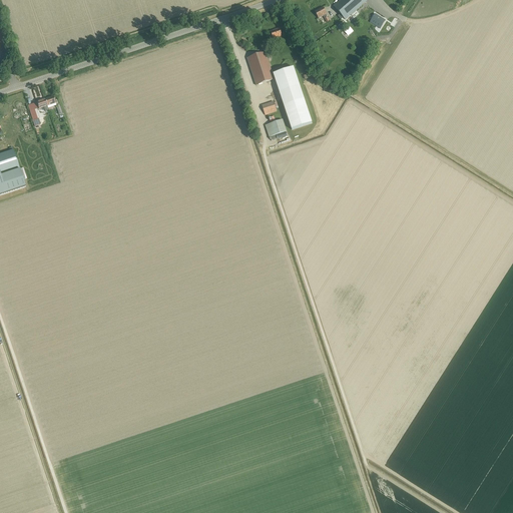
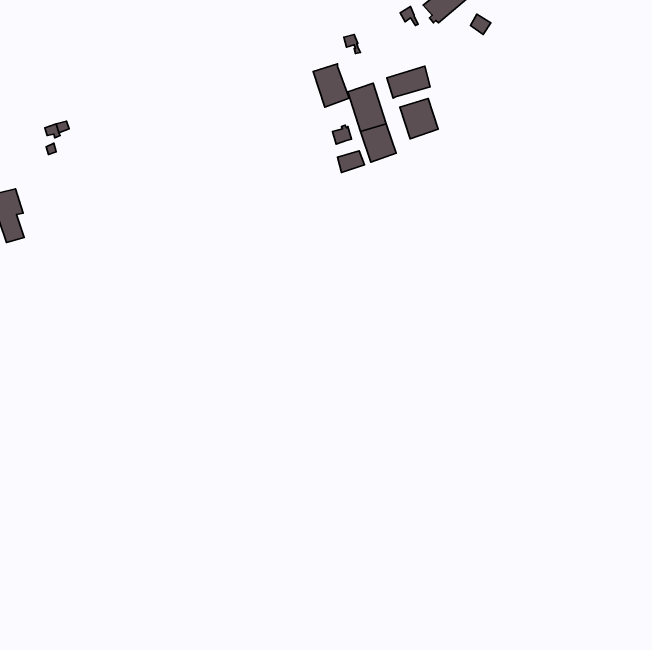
building: none -> [387,66,430,98]
building: none -> [400,98,438,139]

